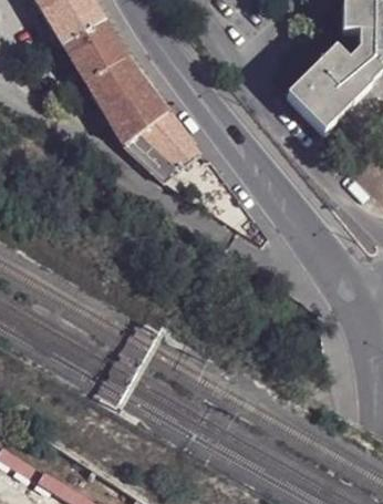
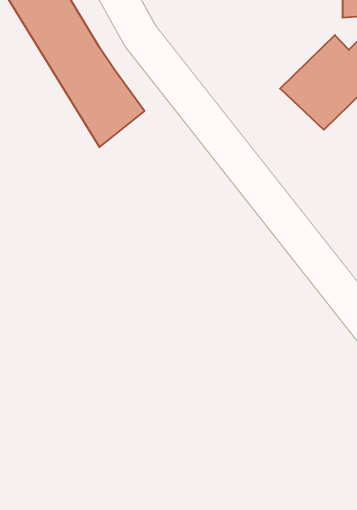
building: [125,111,197,178] -> none

